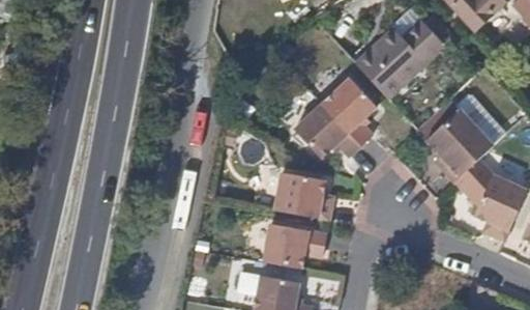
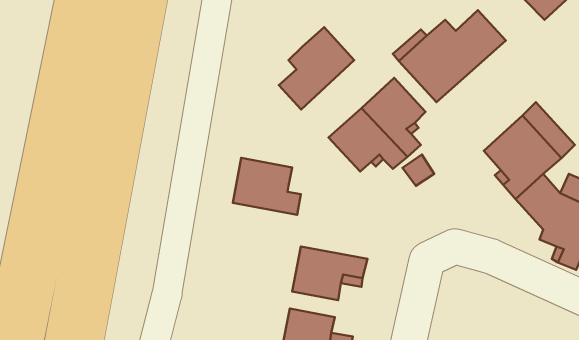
building: none -> [279,27,354,110]
building: [274,172,332,221] -> [233,158,301,215]

